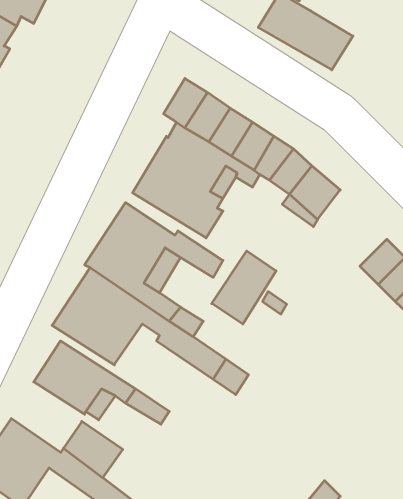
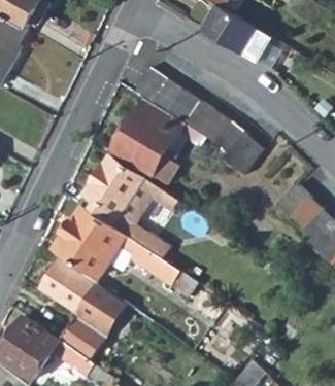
building: [212,251,276,324] -> none

